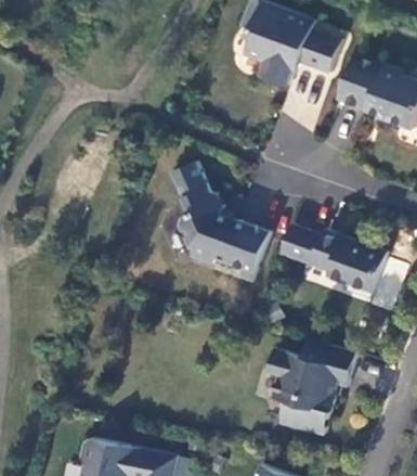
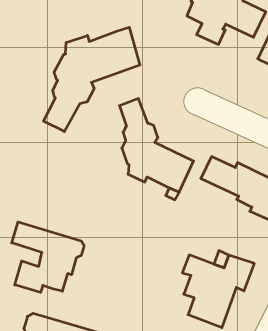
building: none -> [44,27,140,132]
building: none -> [12,222,84,292]

